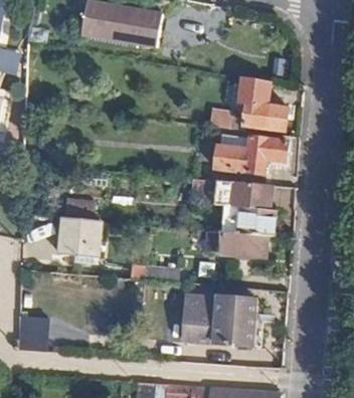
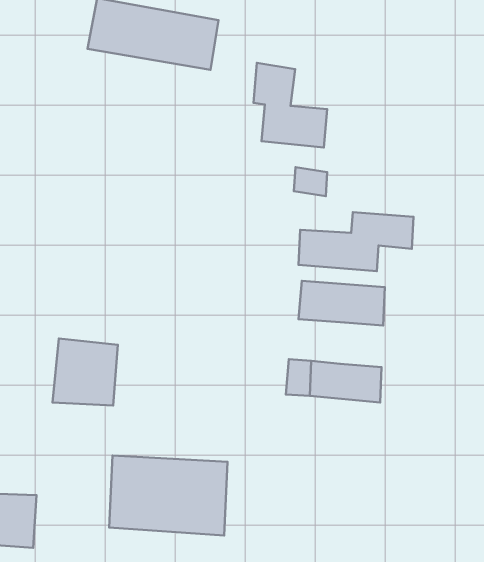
building: [239,77,286,131] -> [254,63,327,148]
building: [240,207,274,236] -> none
building: [182,294,256,345] -> [109,455,228,535]

